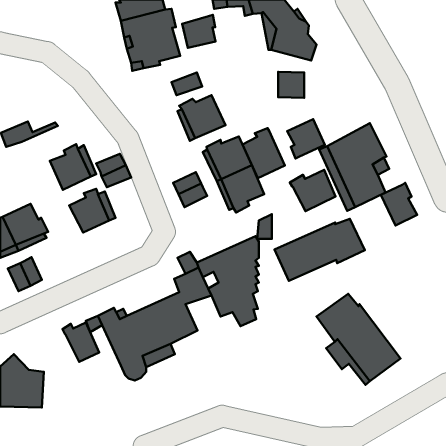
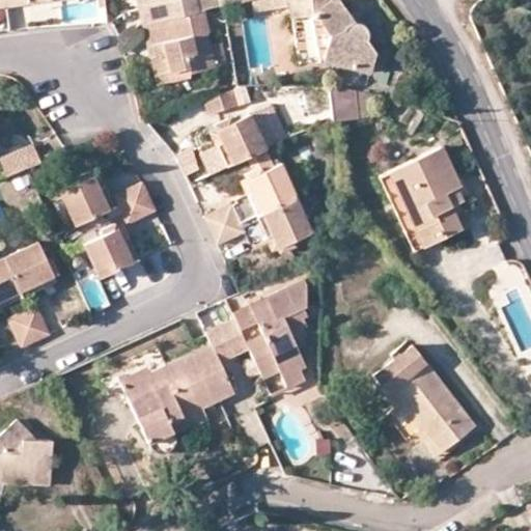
building: [182,15,215,48] -> none
building: [287,119,325,158] -> none
building: [242,128,285,178] -> none
building: [290,170,336,211] -> none
building: [381,183,417,225] -> none
building: [275,219,365,281] -> none
building: [62,322,99,362] -> none

